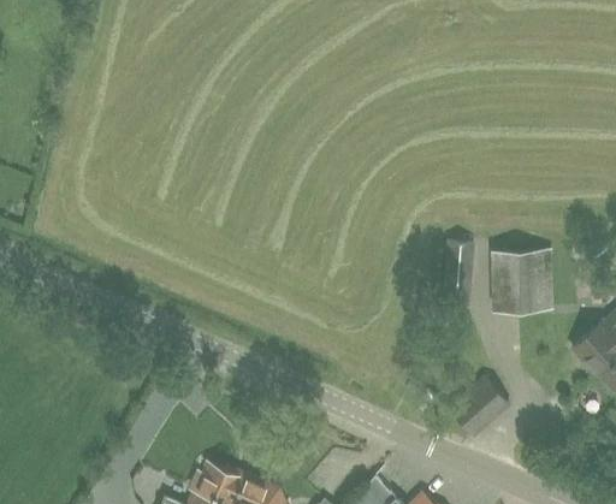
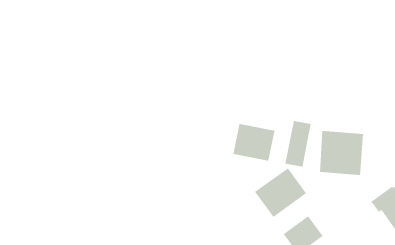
building: none -> [233,123,275,161]
building: none -> [254,168,307,218]

